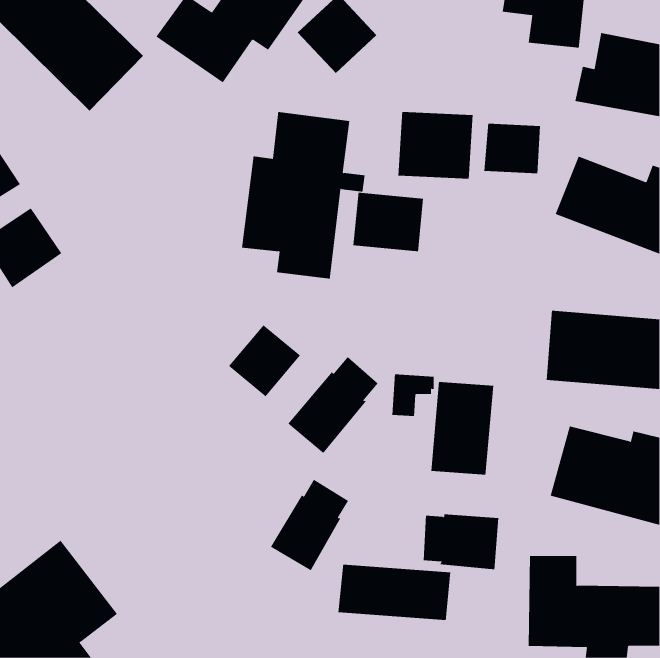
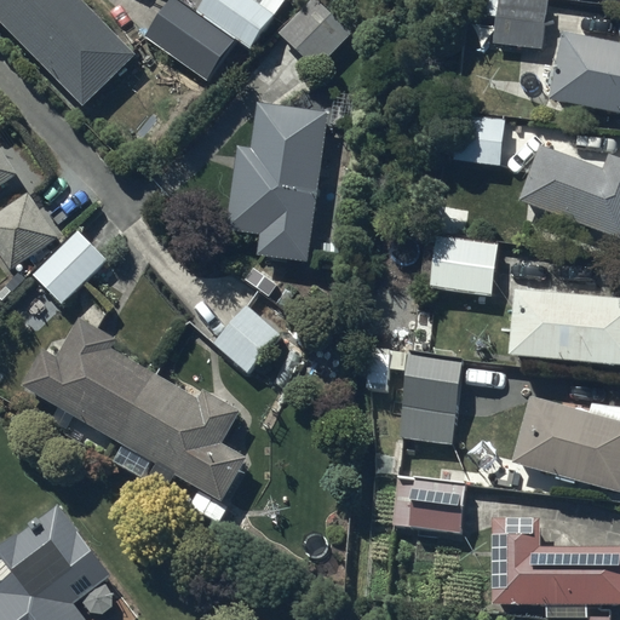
building: [398,111,473,180] -> none
building: [353,192,424,252] -> [431,236,498,292]
building: none -> [33,228,107,302]
building: none -> [23,318,245,501]
building: [288,356,379,454] -> none
building: [270,479,349,571] -> none
building: [338,564,451,621] -> none

